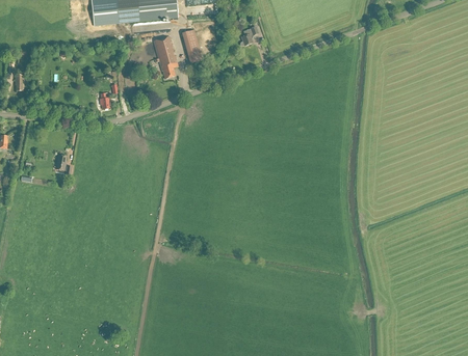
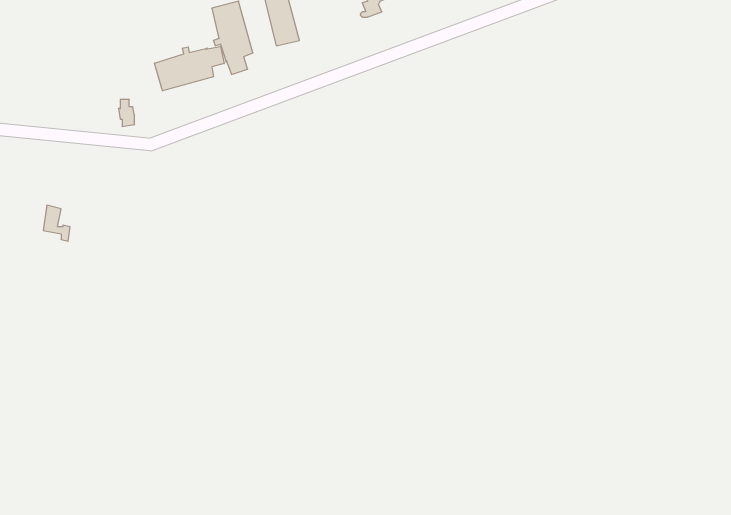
building: none -> [155,46,224,91]

